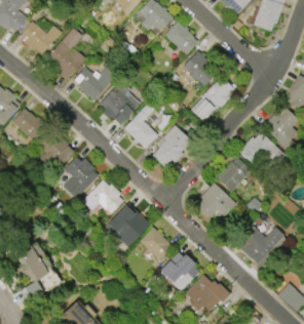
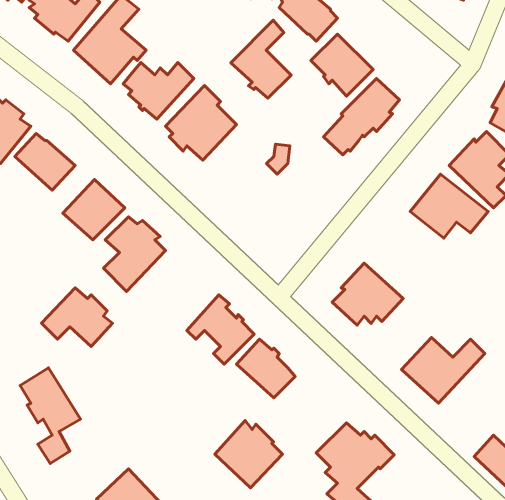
building: [123,103,158,148] -> [231,20,291,98]
building: [152,124,191,167] -> none
building: [217,157,252,191] -> none
building: [83,179,124,213] -> [42,288,112,346]
building: [160,251,199,290] -> [215,421,282,488]

